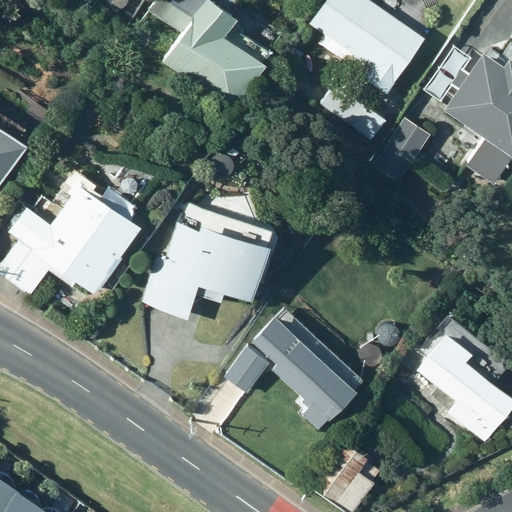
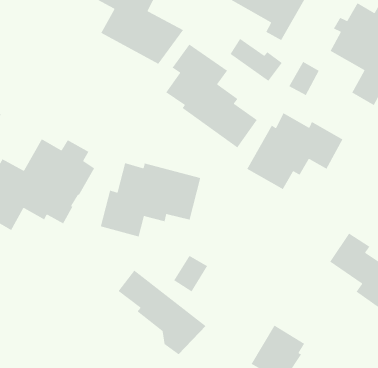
building: none -> [165,44,258,148]
building: none -> [246,112,344,190]
building: [251,316,357,427] -> [118,269,207,355]

